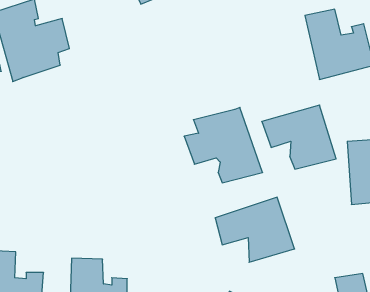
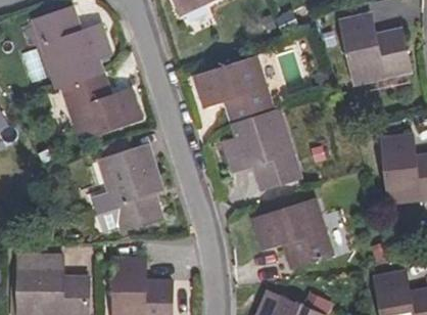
building: none -> [65,70,138,137]
building: [262,105,336,169] -> [201,60,275,124]
building: none -> [99,147,159,227]

